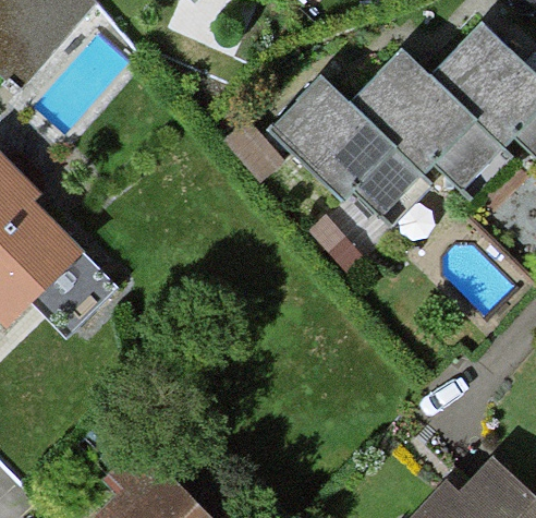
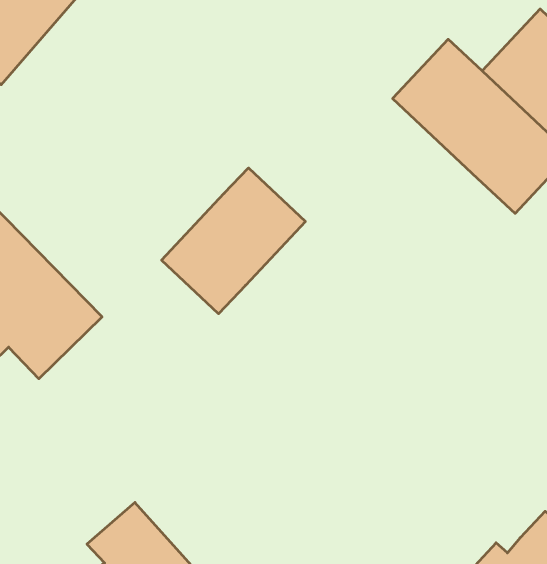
building: [272,72,429,225] -> none
building: none -> [162,168,305,314]

